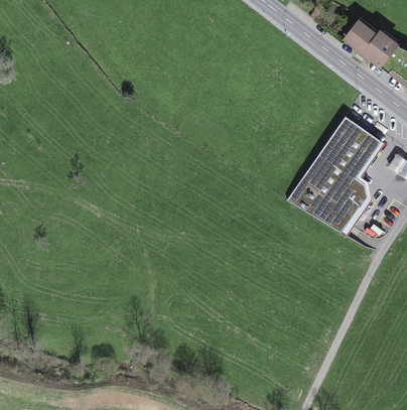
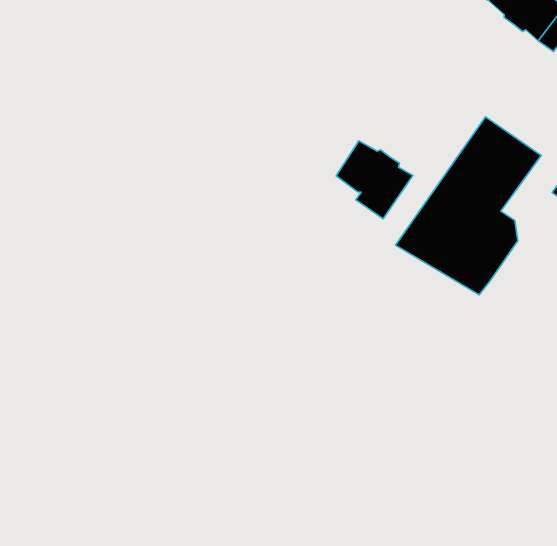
building: none -> [336,141,413,219]

